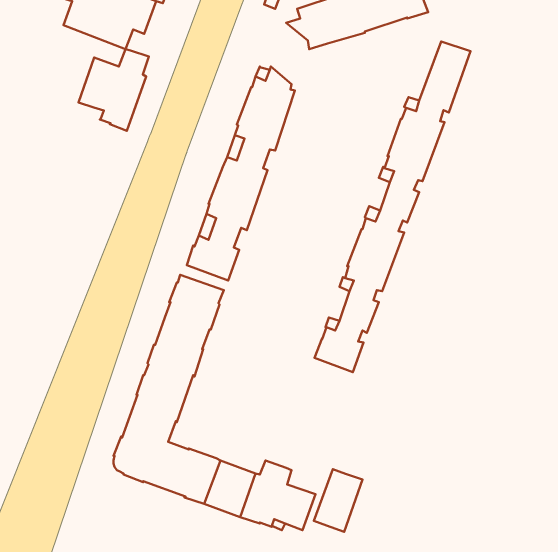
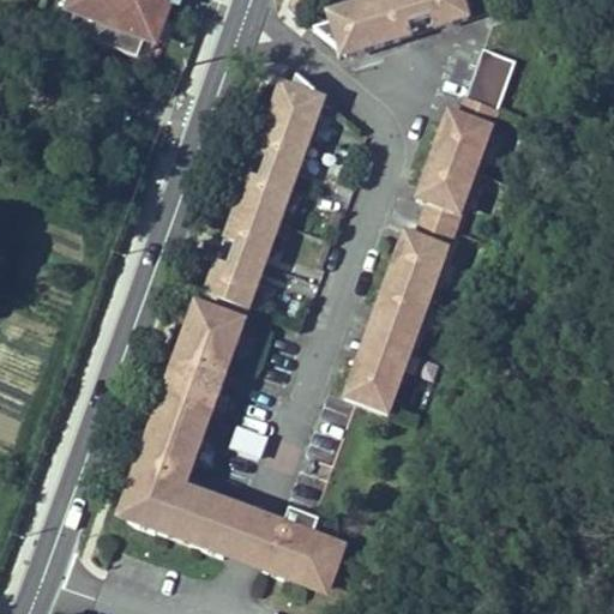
building: [78,49,149,131] -> none
building: [314,469,362,532] -> none

